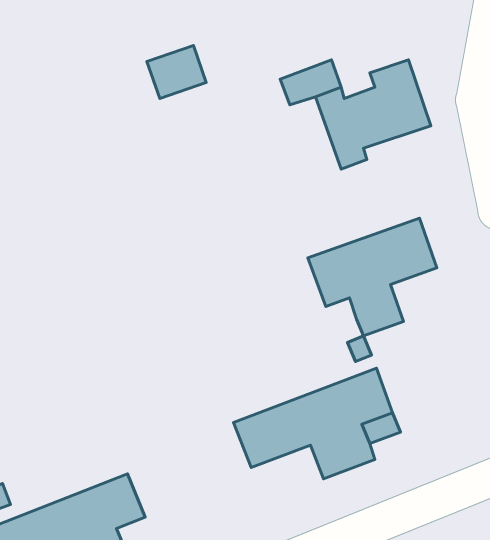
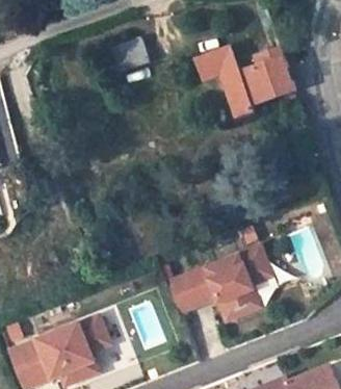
building: [308,218,437,336] -> none

